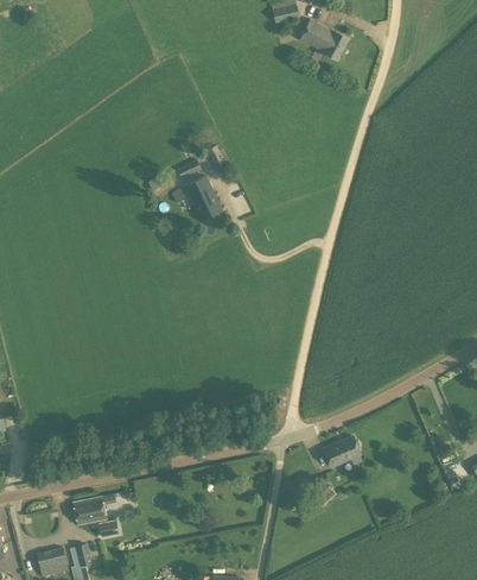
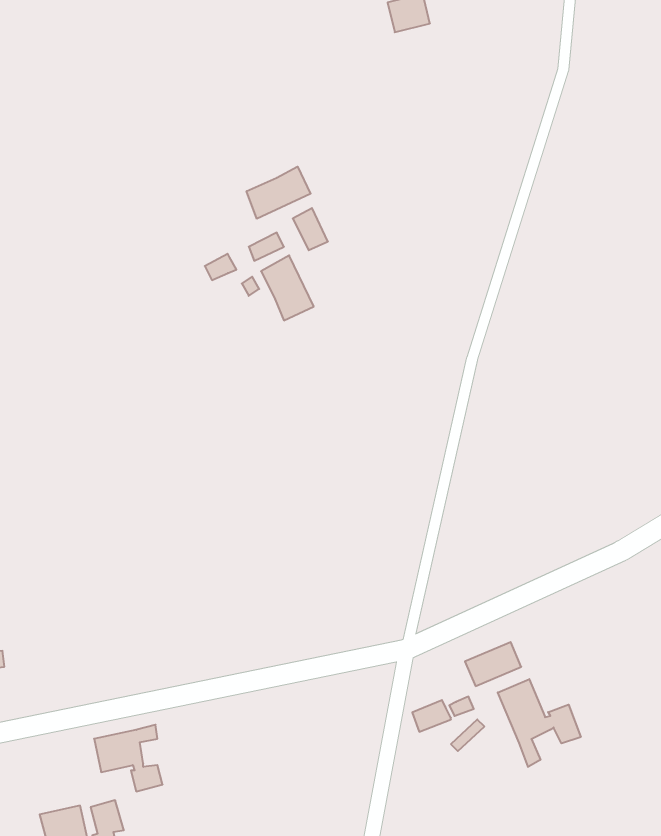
building: [299,18,348,59] -> none
building: none -> [247,167,311,219]
building: none -> [498,679,581,767]

